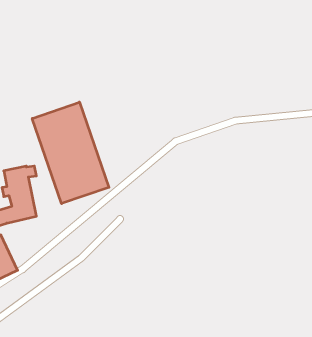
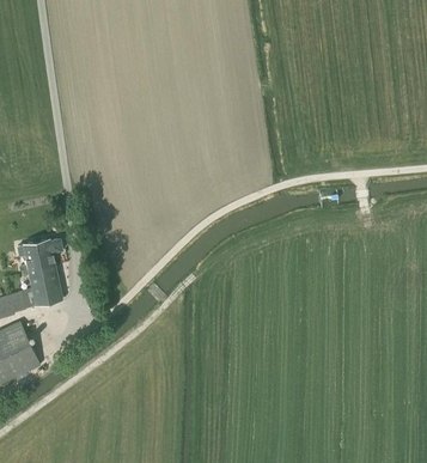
building: [32,102,109,204] -> none

